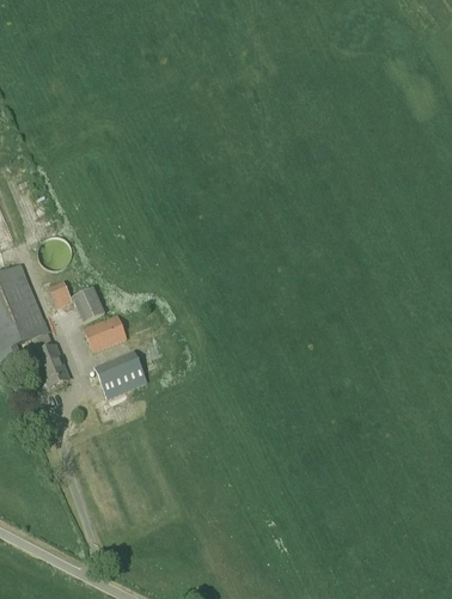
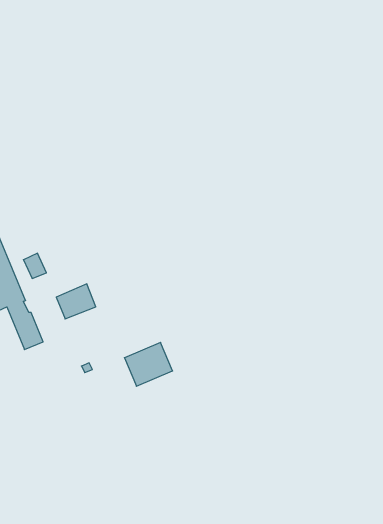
building: [72,287,105,323] -> none
building: [94,349,147,397] -> [124,342,173,386]

